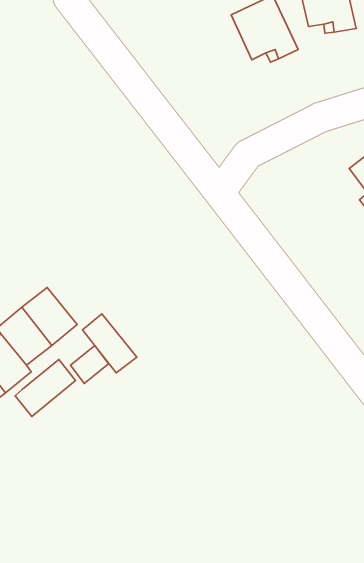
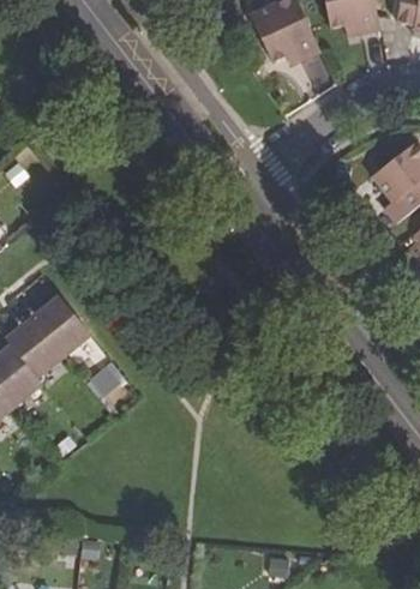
building: [82,314,137,373] -> none
building: [15,360,76,417] -> none

